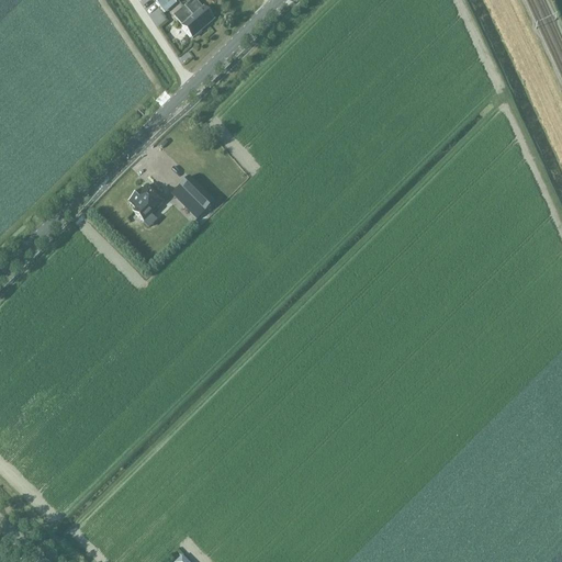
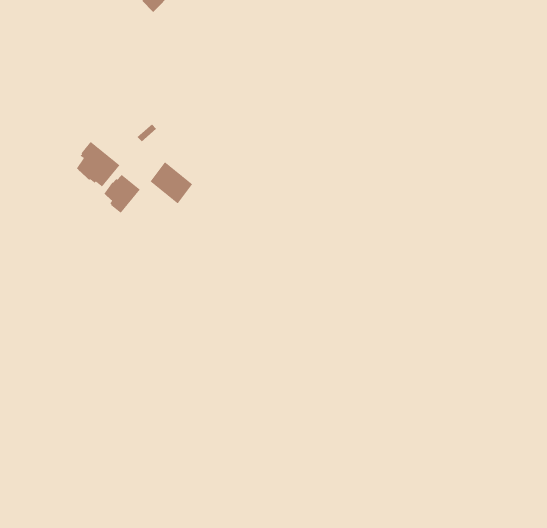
building: none -> [76,141,120,187]

